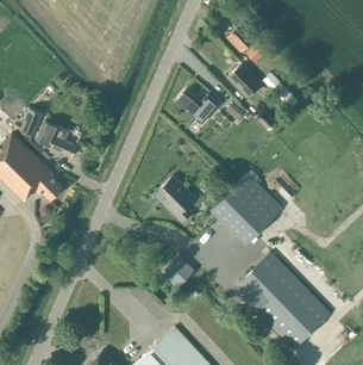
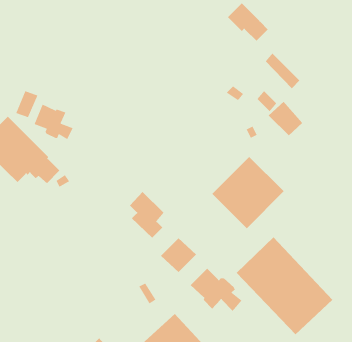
building: [226,63,261,98] -> [268,101,303,136]
building: [175,89,219,123] -> none
building: [159,175,194,222] -> [129,191,164,238]
building: none -> [190,268,242,312]

